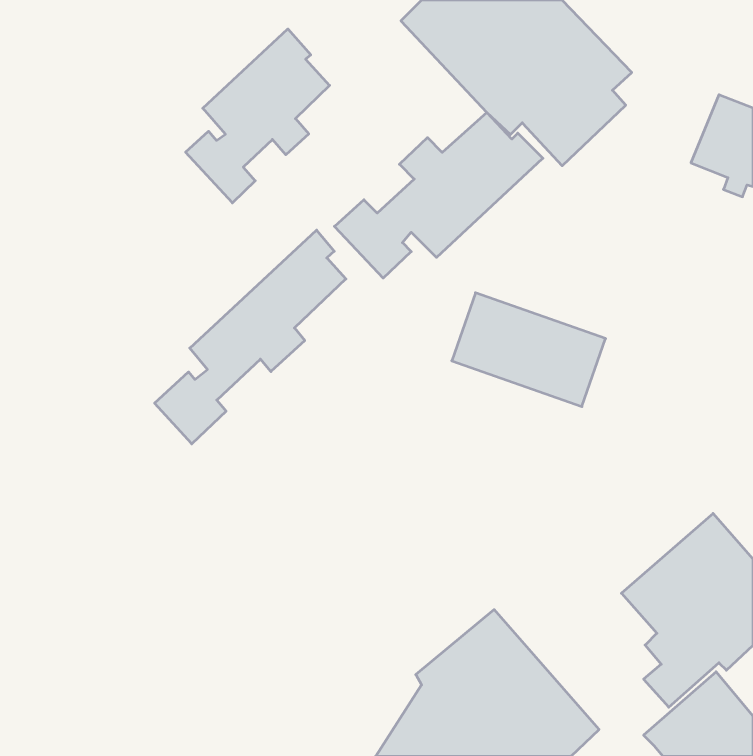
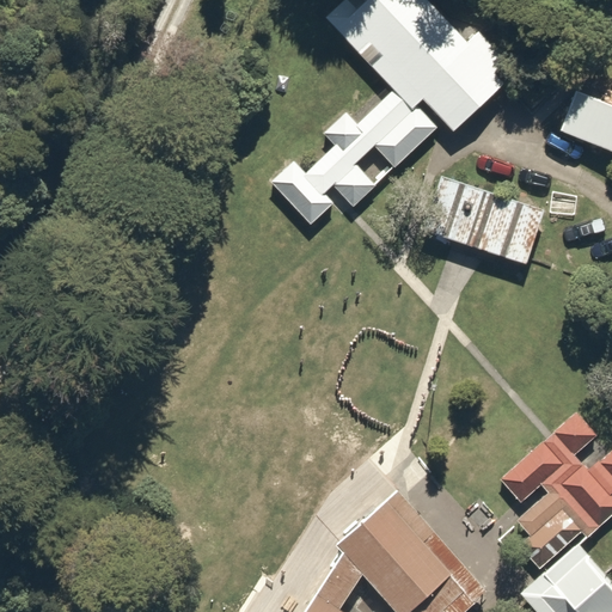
building: [186,29,330,203] -> none
building: [155,230,346,444] -> none
building: [452,293,606,407] -> [420,176,544,268]

